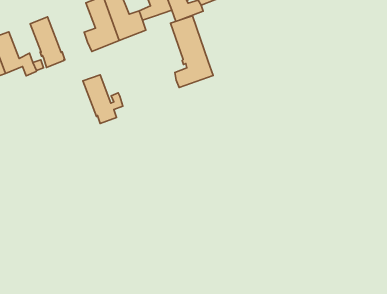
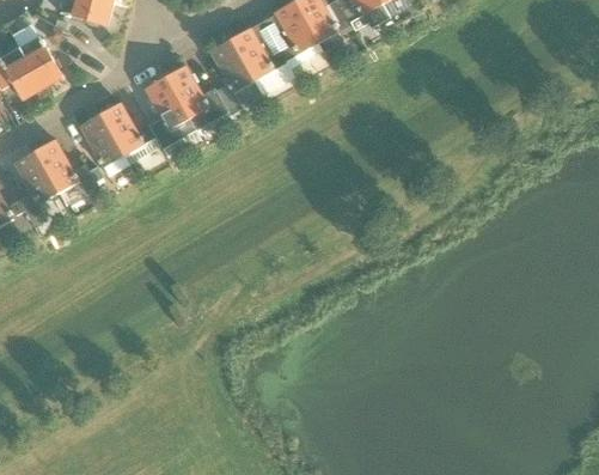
building: [171,16,213,88] -> none
building: [83,75,123,124] -> [99,102,154,163]

